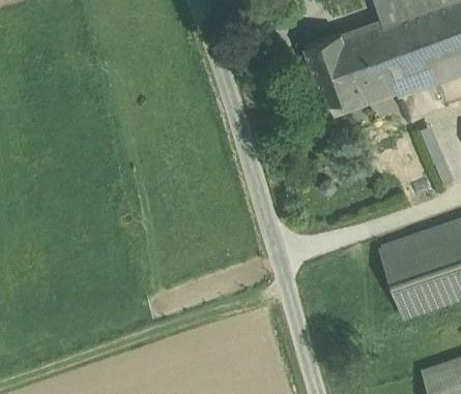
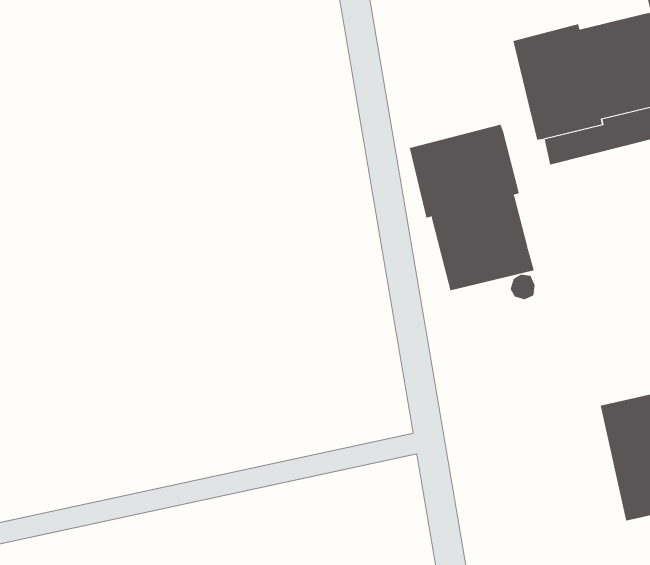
building: none -> [409,124,535,291]

